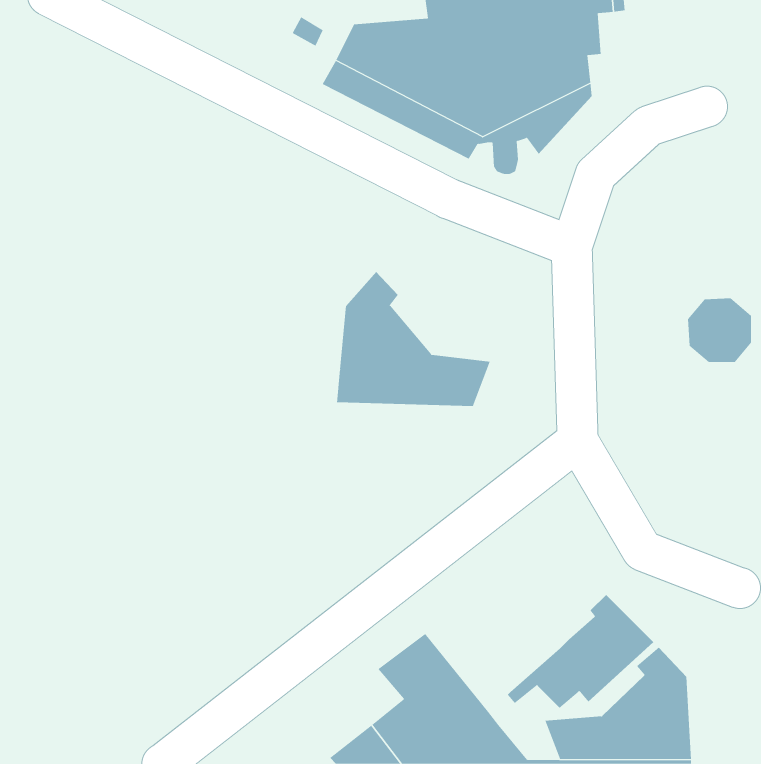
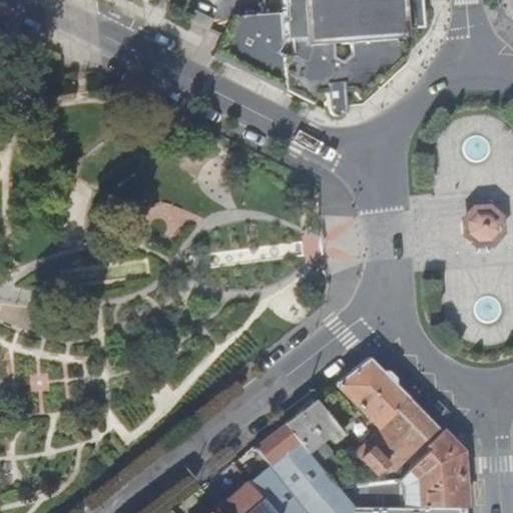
building: [337,271,491,407] -> none
building: none -> [339,358,409,426]
building: none -> [289,399,346,474]

